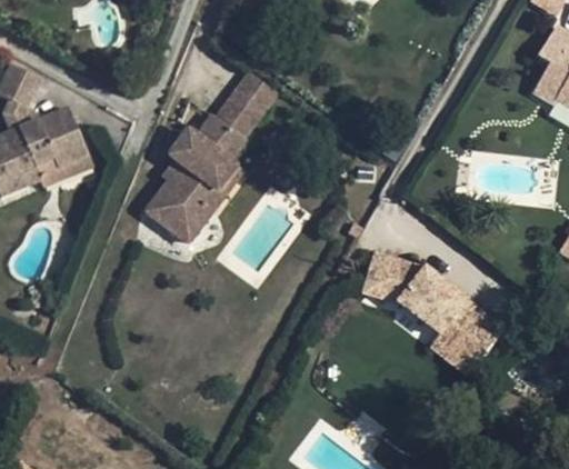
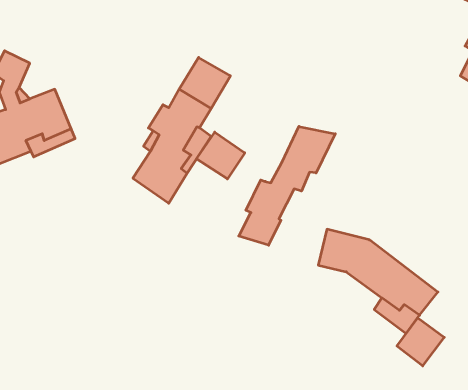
building: none -> [239,126,335,245]
building: none -> [197,132,245,179]
building: none -> [397,318,444,366]

